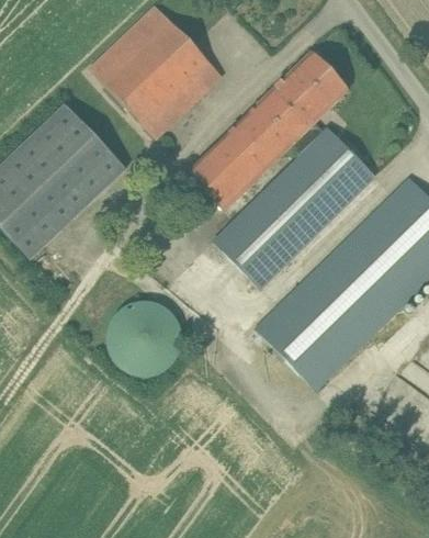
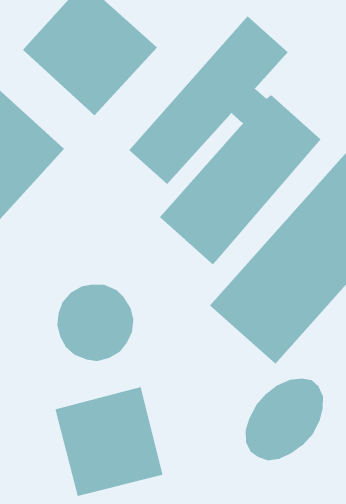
building: none -> [54,386,164,497]
building: none -> [245,378,324,461]

